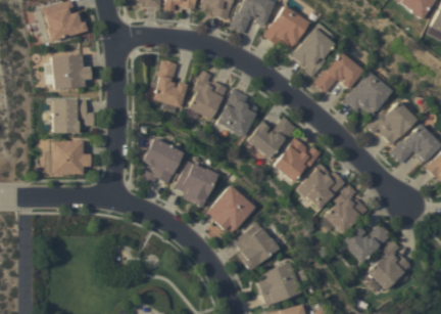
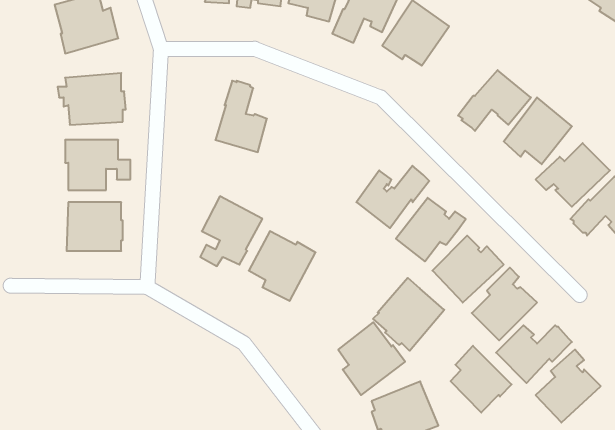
building: [293,23,335,78] -> none
building: [188,71,228,120] -> none
building: [216,89,259,137] -> none
building: [207,185,255,234] -> [373,278,444,351]
building: none -> [451,346,512,413]

